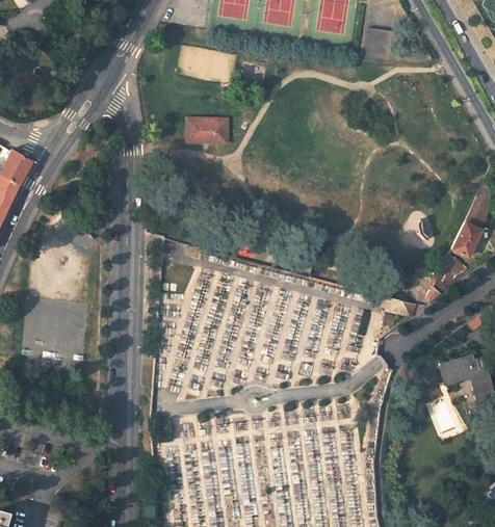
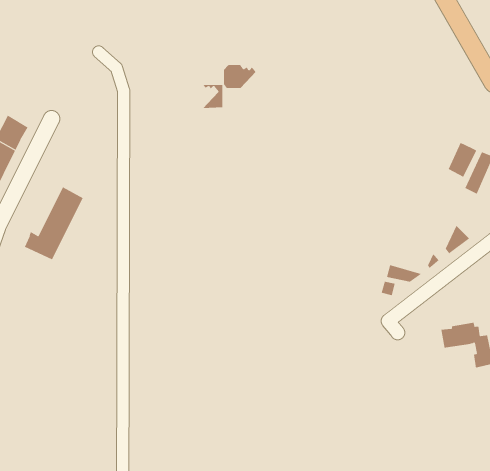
building: [187,118,220,142] -> [223,65,256,89]
building: none -> [24,186,83,260]
building: [453,221,483,257] -> [448,142,477,178]

